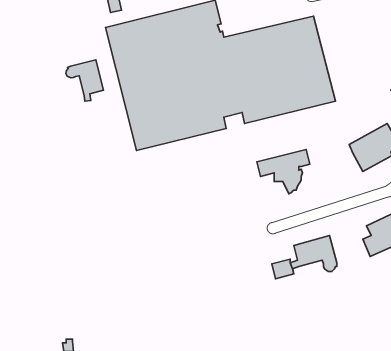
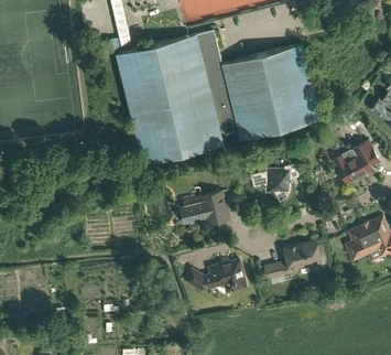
building: [66,60,103,101] -> none
building: none -> [180,191,229,224]
building: none -> [185,259,247,291]

